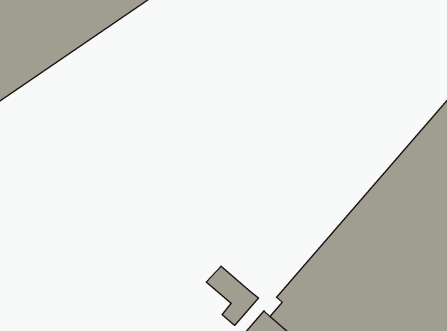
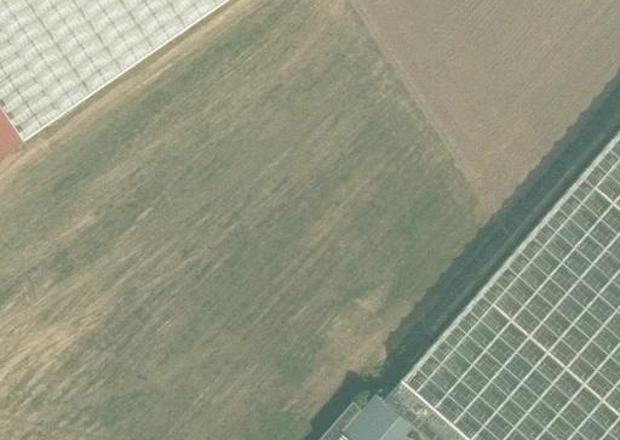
building: [206,266,258,325] -> none

